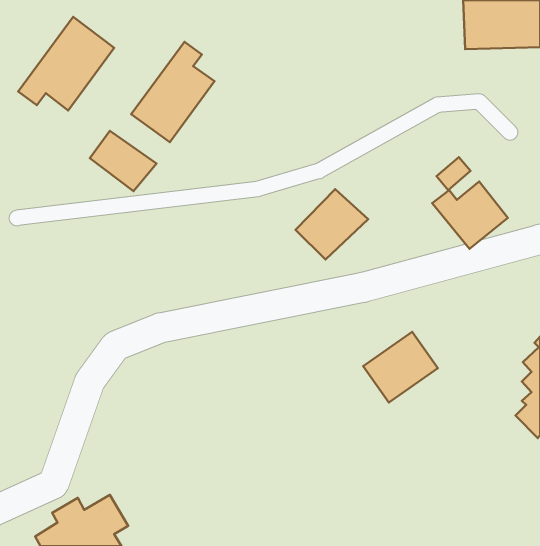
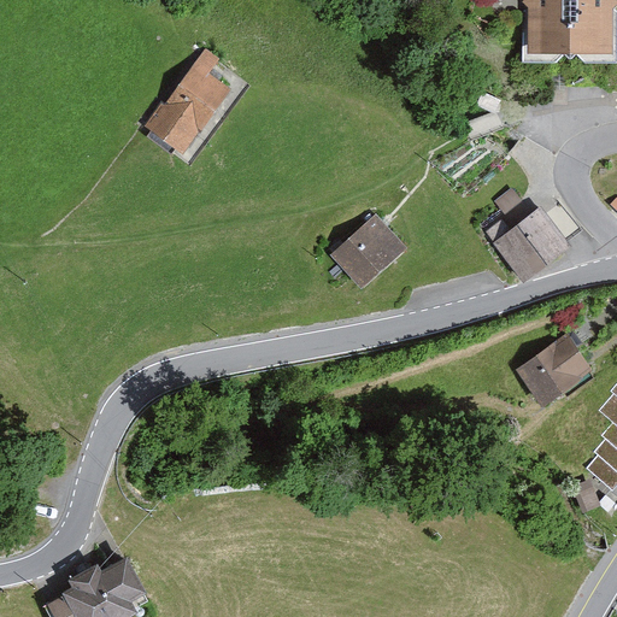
building: [18,17,114,110] -> none
building: [90,131,156,191] -> none
building: [363,332,438,402] -> [510,329,594,409]

